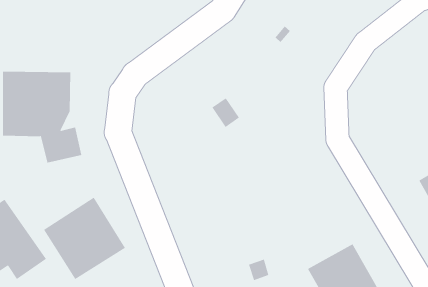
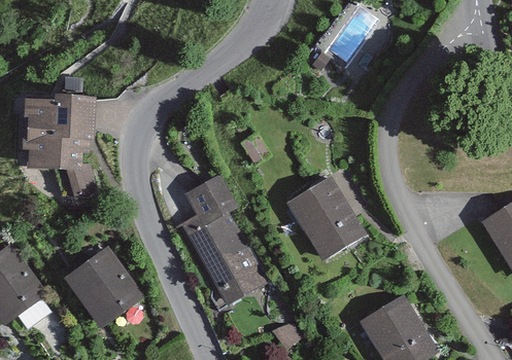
building: none -> [178,171,269,308]
building: none -> [274,171,365,264]

